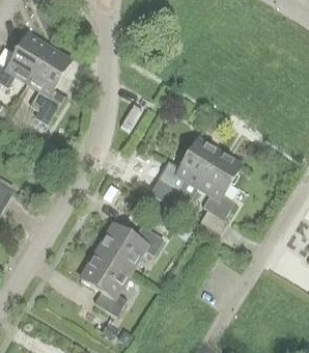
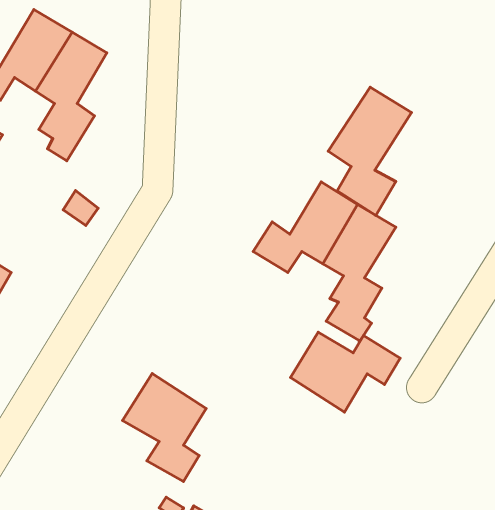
building: none -> [328,87,411,215]
building: [97,223,163,271] -> [290,332,400,412]

